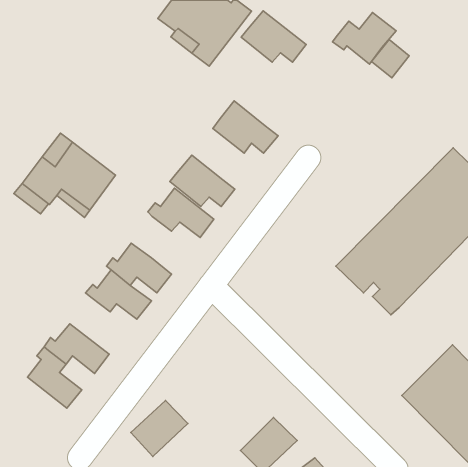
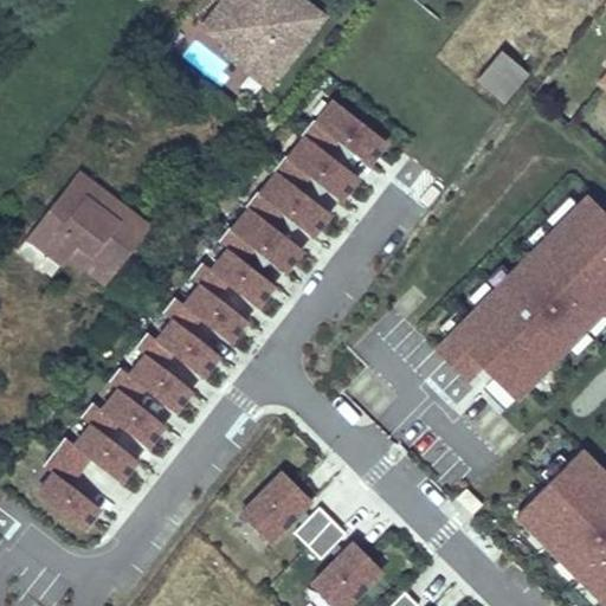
building: [241,11,306,62] -> [303,98,387,165]
building: [333,13,396,64] -> none
building: none -> [249,168,331,234]
building: none -> [165,282,249,344]
building: none -> [85,386,169,449]
building: none -> [295,507,346,559]
building: [131,401,188,456] -> [241,472,315,544]

